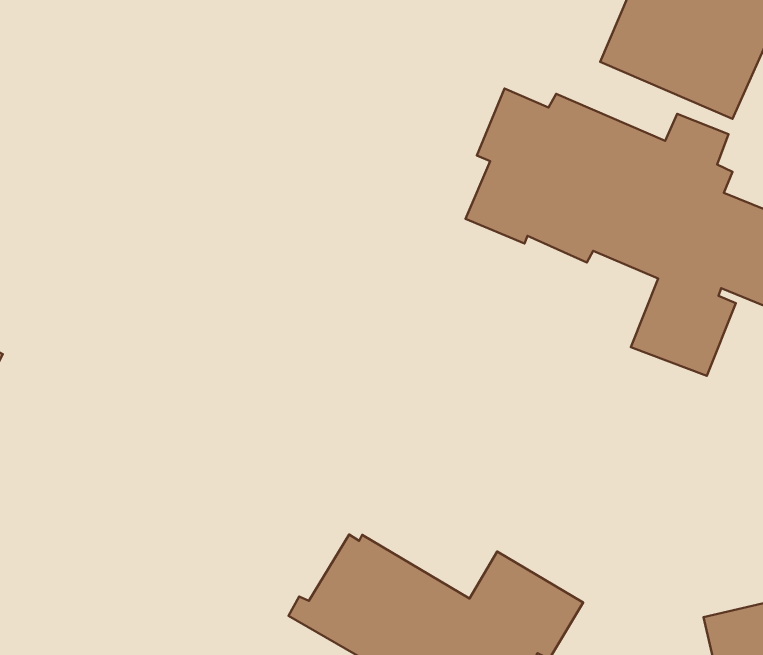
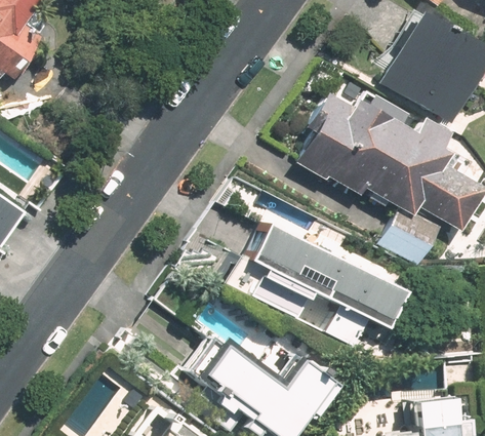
building: none -> [192,222,405,346]

